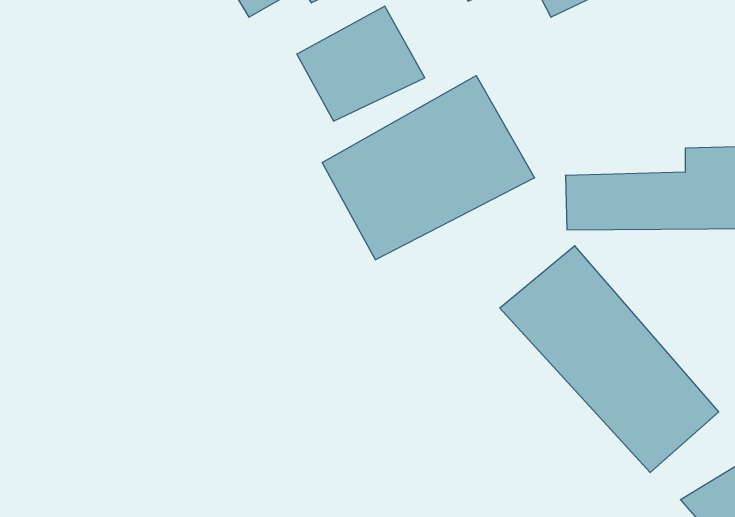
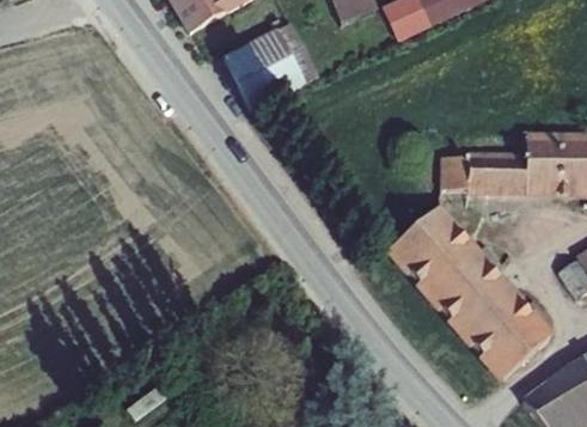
building: [322,76,535,260] -> none

